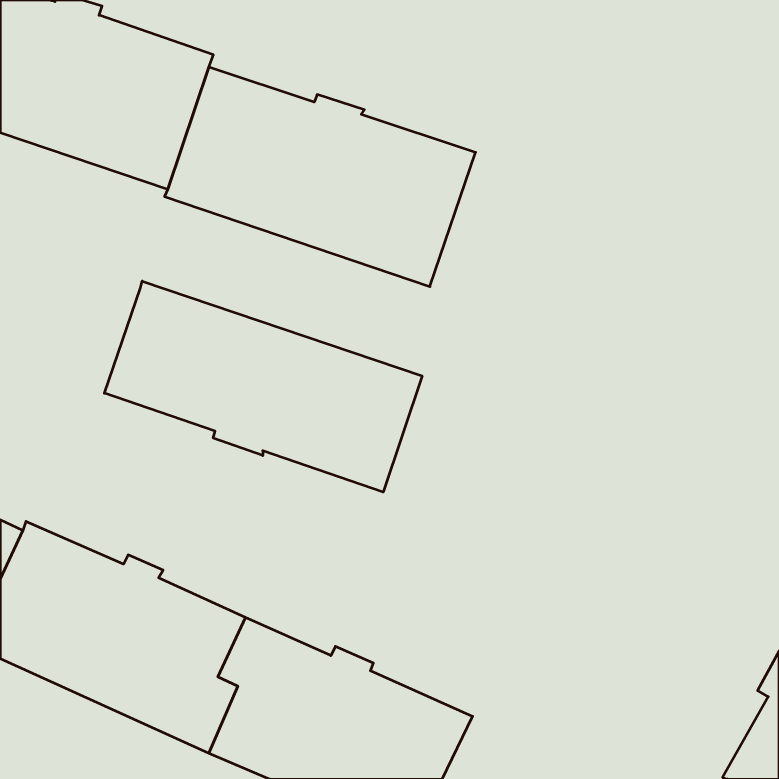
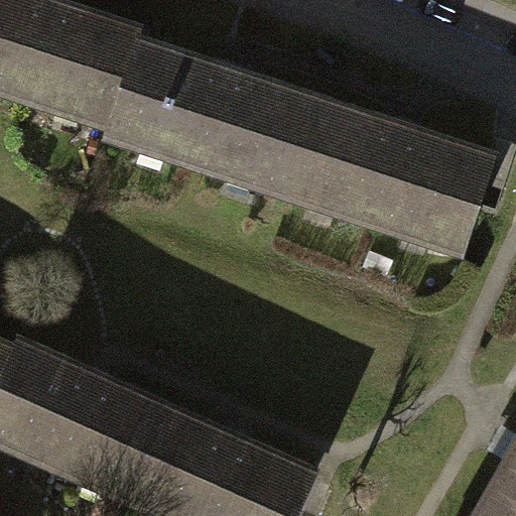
building: none -> [284,101,490,248]
building: [104,281,422,492] -> none

